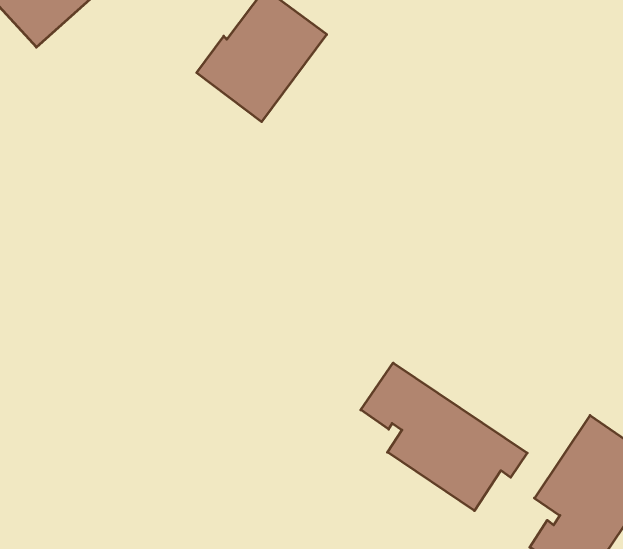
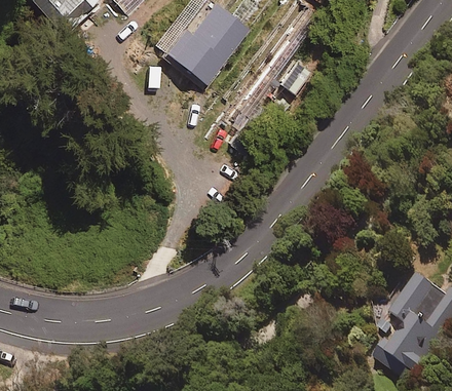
building: [361,363,527,511] -> none

